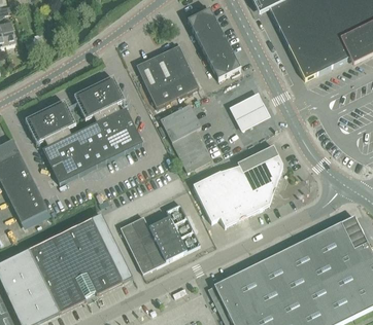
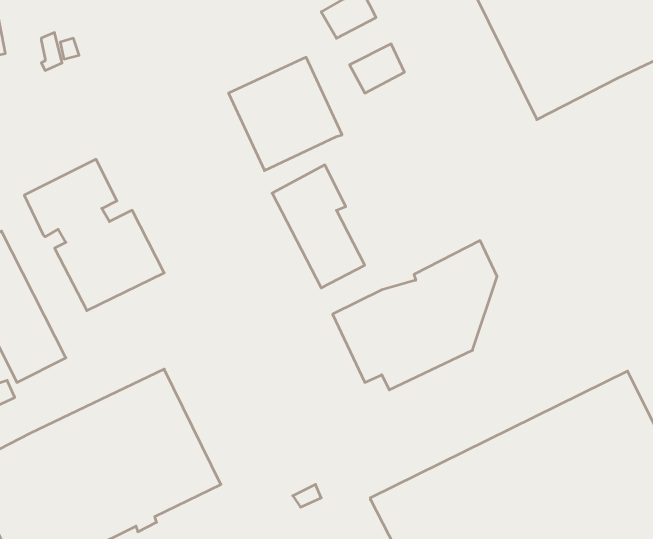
building: [196,23,226,48] -> none
building: [211,52,240,78] -> none
building: [74,76,143,161] -> none
building: [230,93,271,131] -> none
building: [121,203,201,273] -> none

